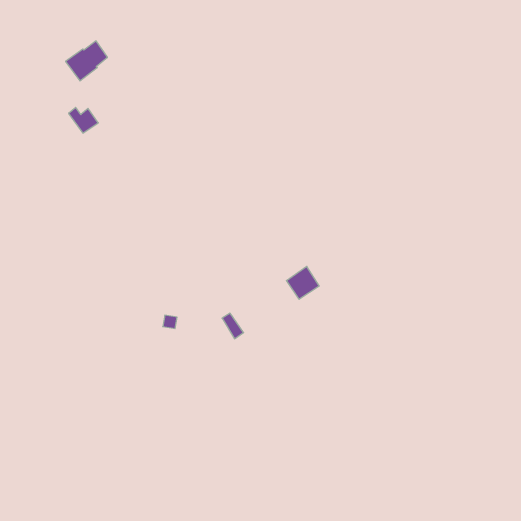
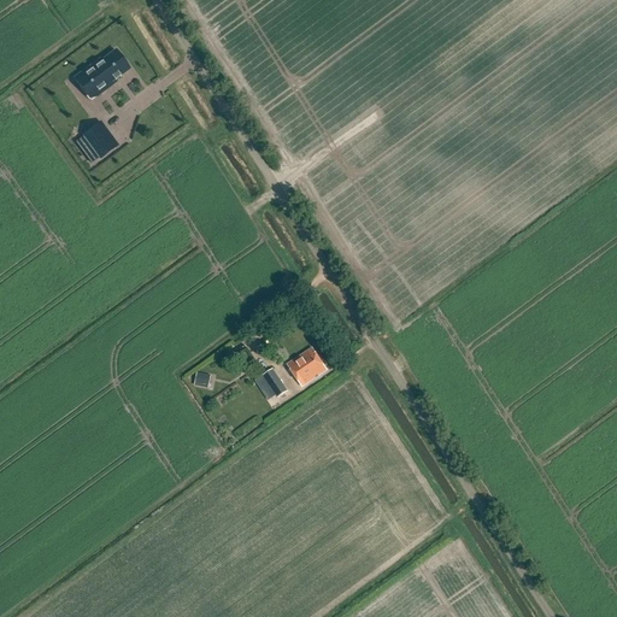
building: [286,266,319,299] -> [287,348,325,387]

